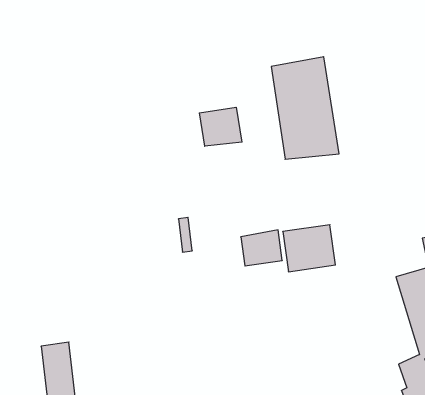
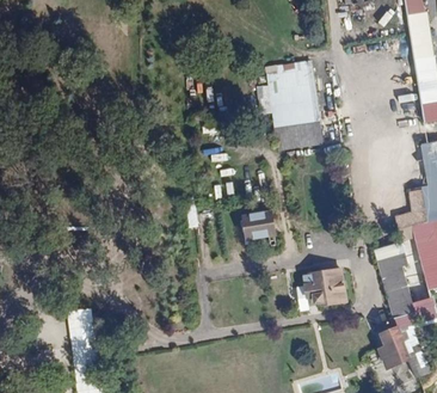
building: [199,107,242,146] -> none
building: [283,225,335,272] -> [302,268,347,308]

